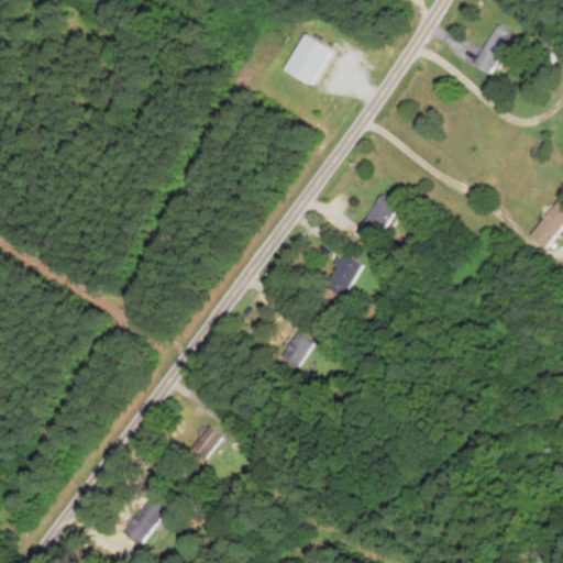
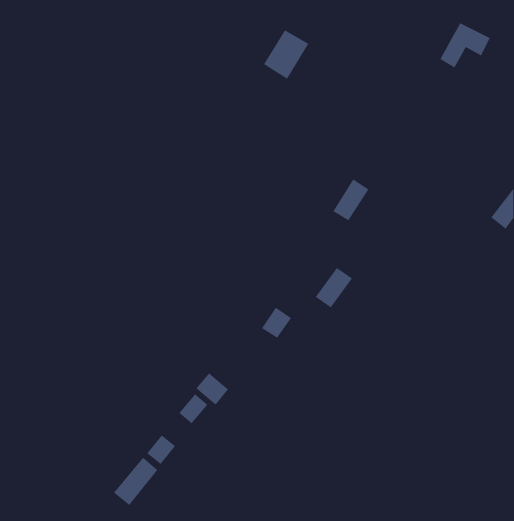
building: [322,254,363,298] -> [315,267,353,308]
building: none -> [196,372,229,405]
building: none -> [146,435,176,465]

